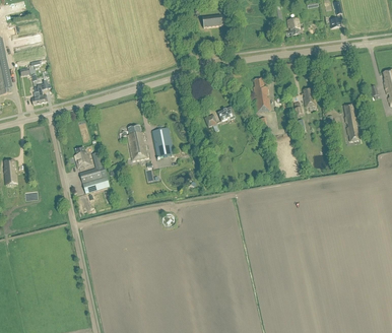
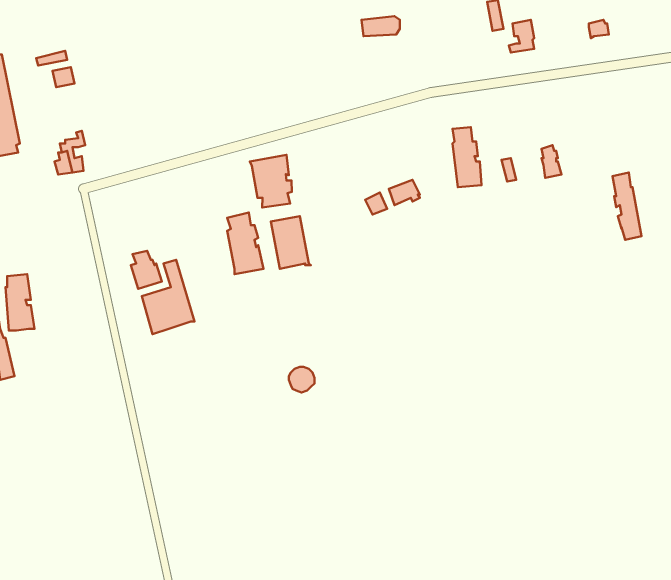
building: none -> [250,155,292,208]

